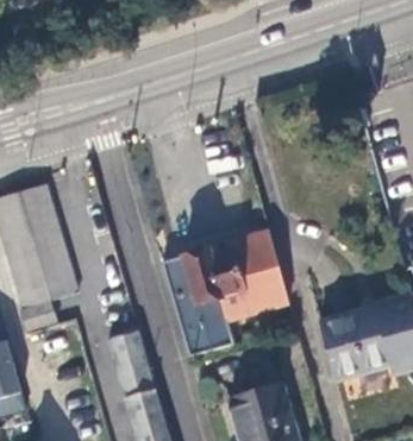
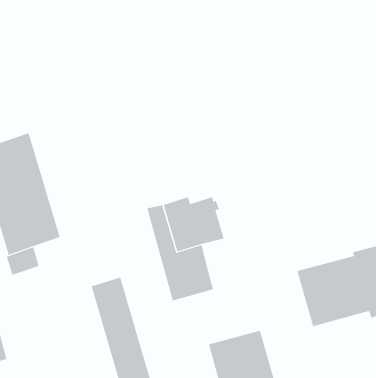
building: [221,226,292,321] -> none

